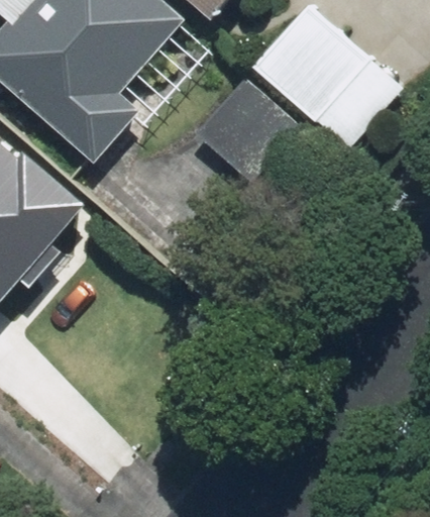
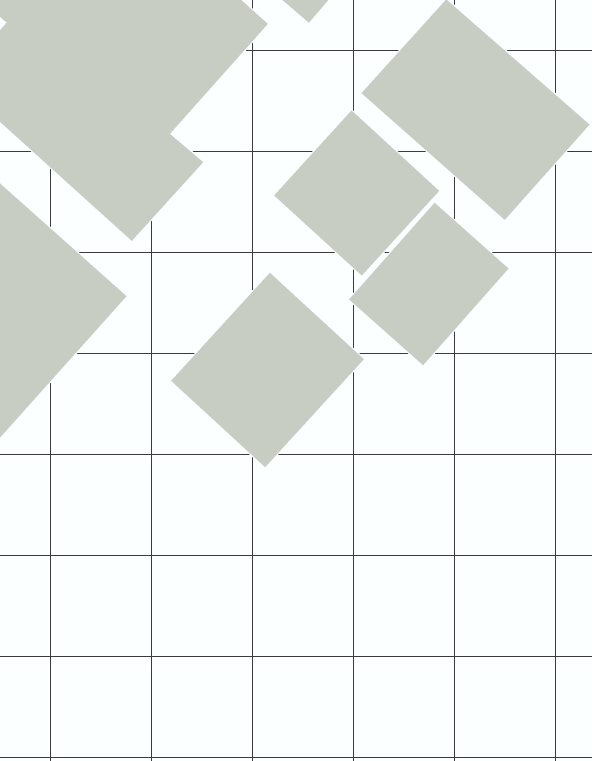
building: none -> [348,202,510,366]
building: none -> [170,272,365,468]

